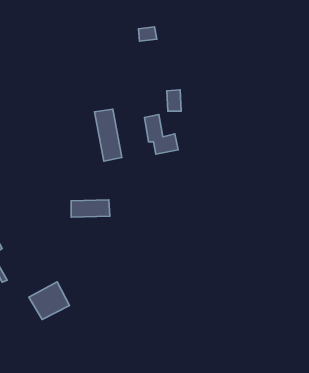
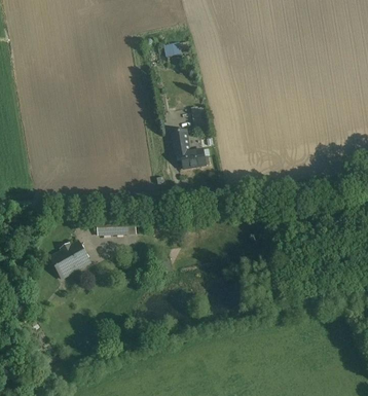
building: [94,109,122,161] -> none
building: [29,282,70,320] -> [49,241,90,279]

